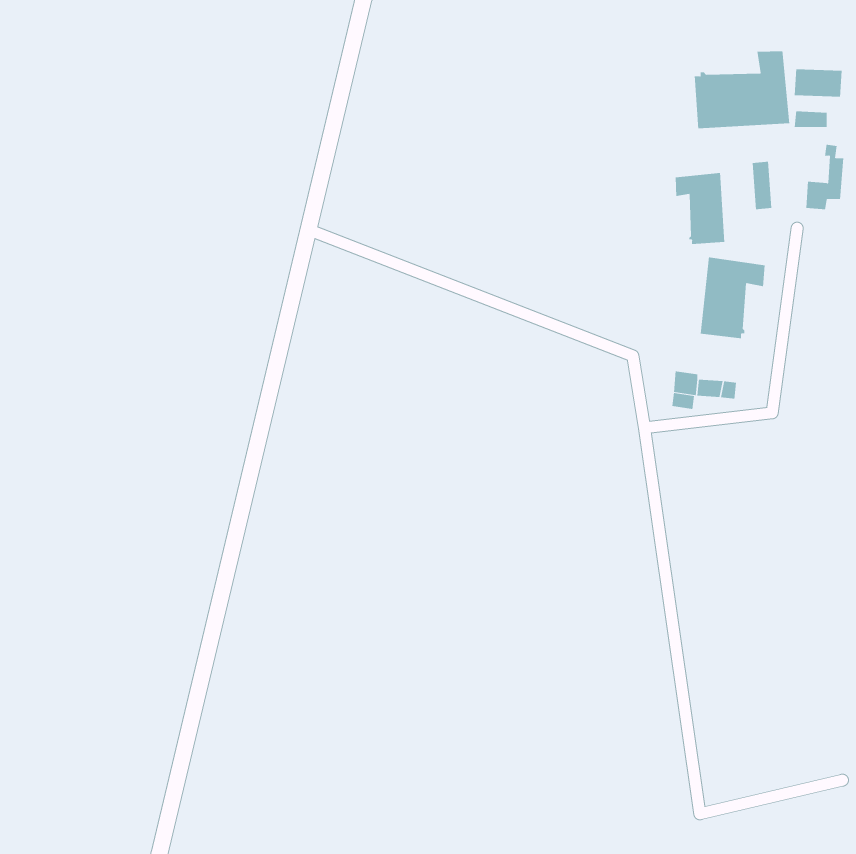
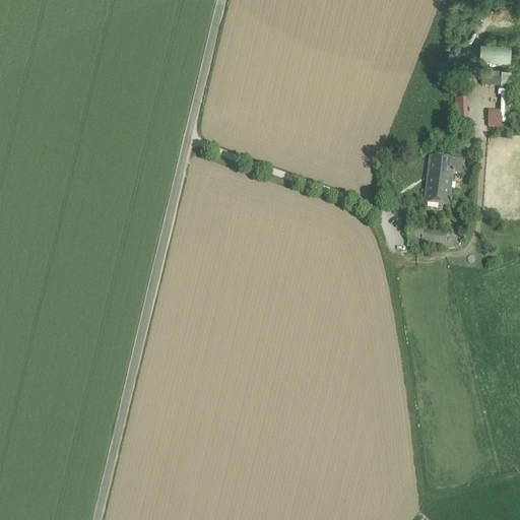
building: [694,51,790,129] -> none
building: [675,172,725,245] -> none

